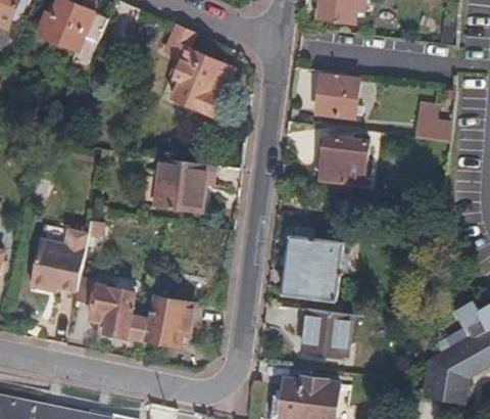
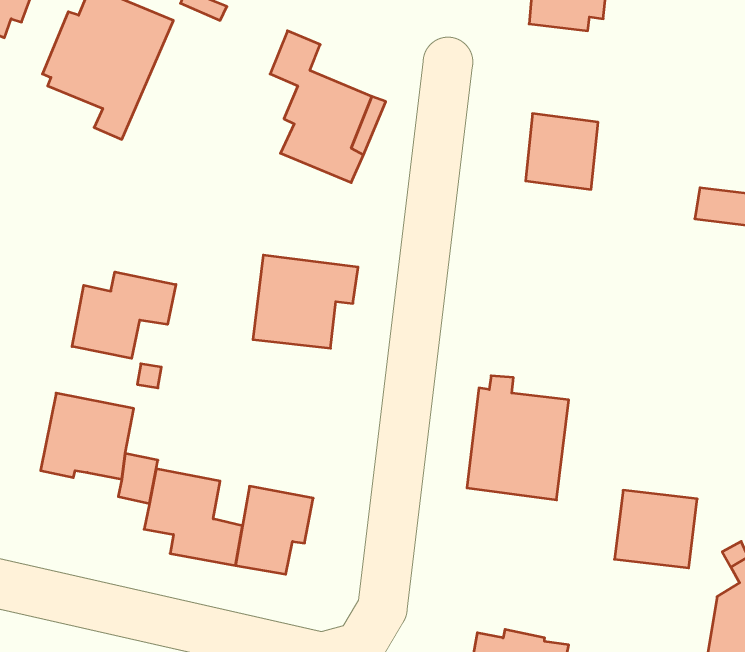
building: [318,136,369,185] -> none
building: none -> [72,272,176,358]
building: [301,309,350,355] -> [614,490,697,568]

